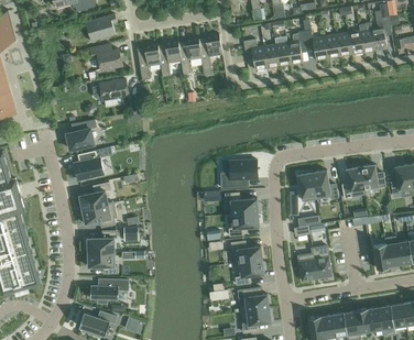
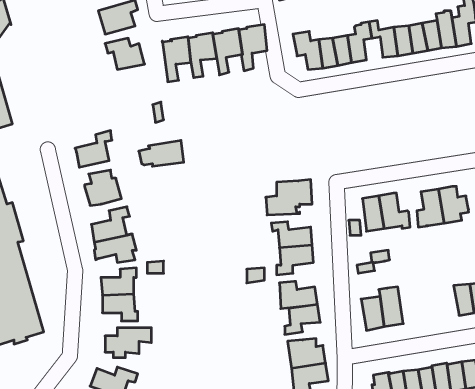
building: [91,79,128,100] -> [139,140,184,166]

